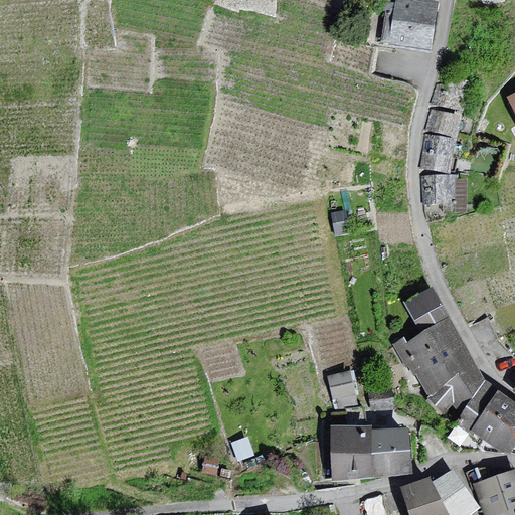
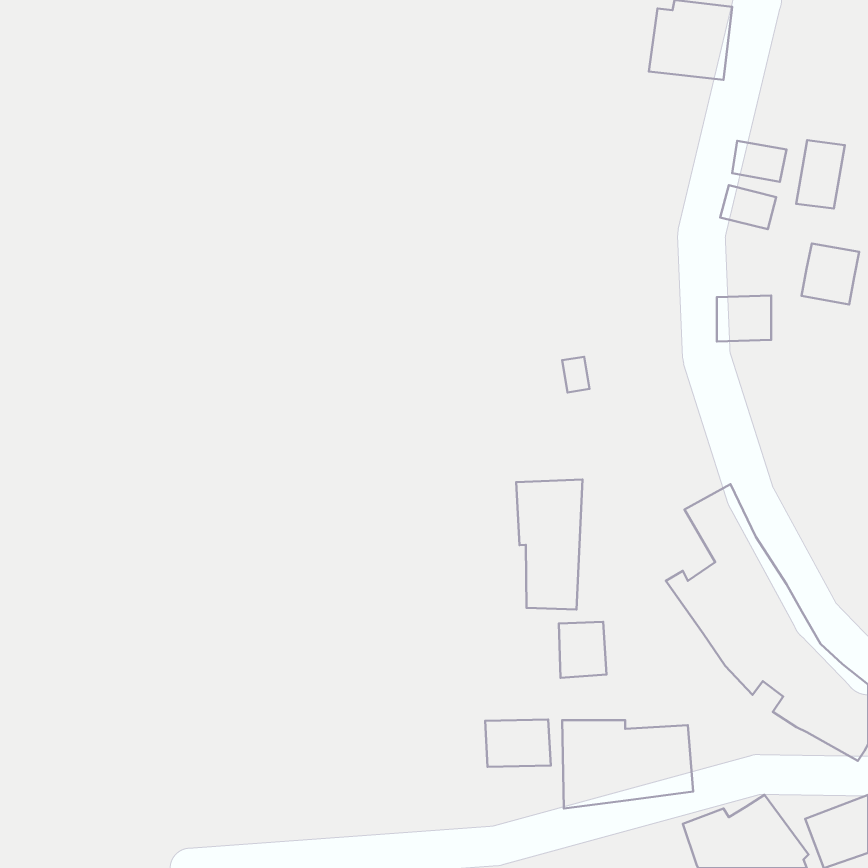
building: none -> [796,140,845,209]
building: [420,135,455,171] -> [802,243,859,304]
building: none -> [516,480,583,610]
building: none -> [485,720,551,767]

